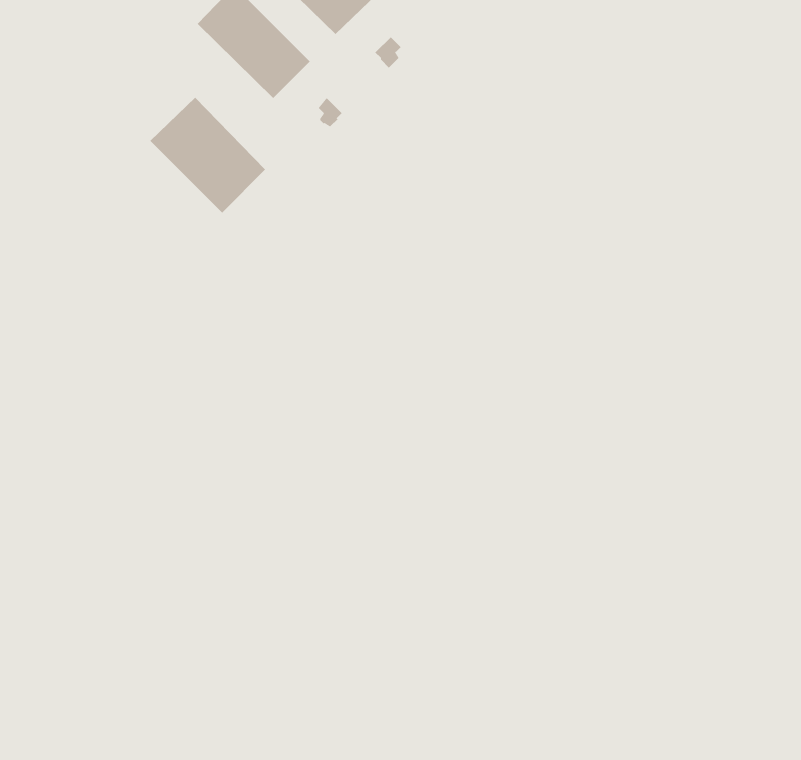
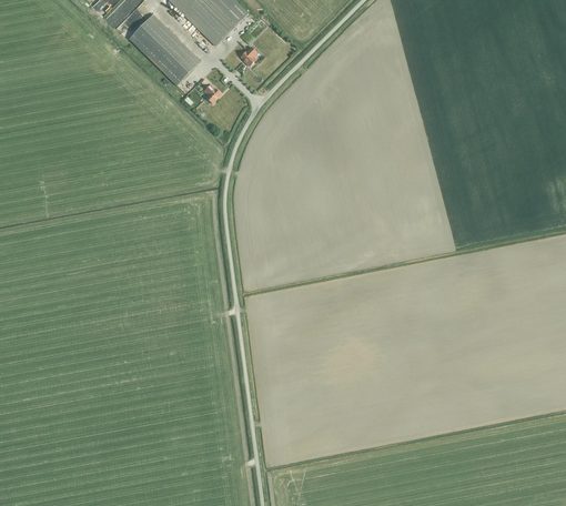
building: [150,97,266,213] -> none

